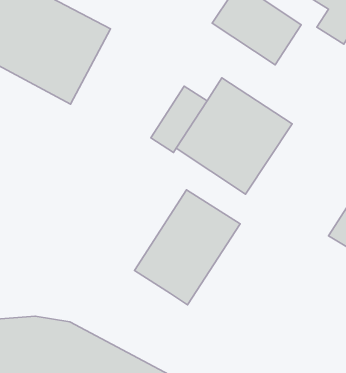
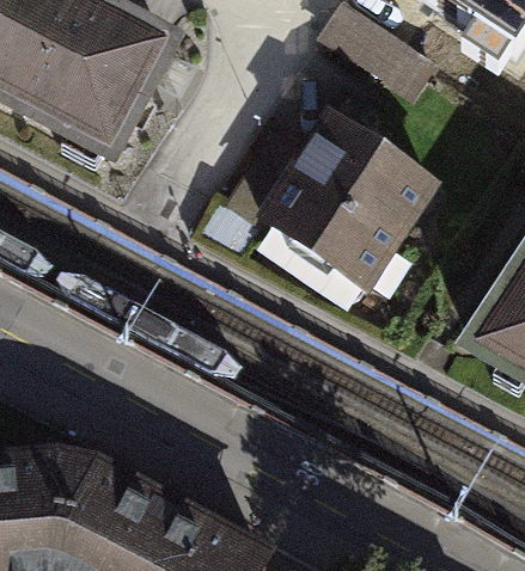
building: [134,190,240,305] -> none

